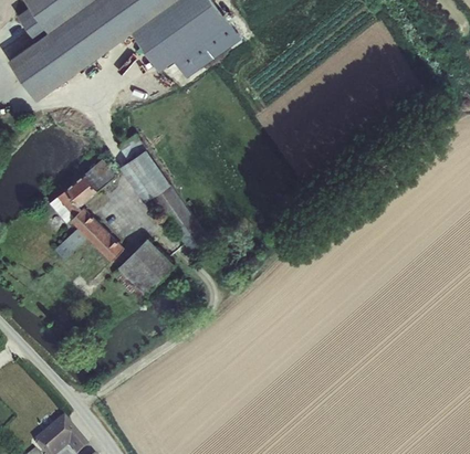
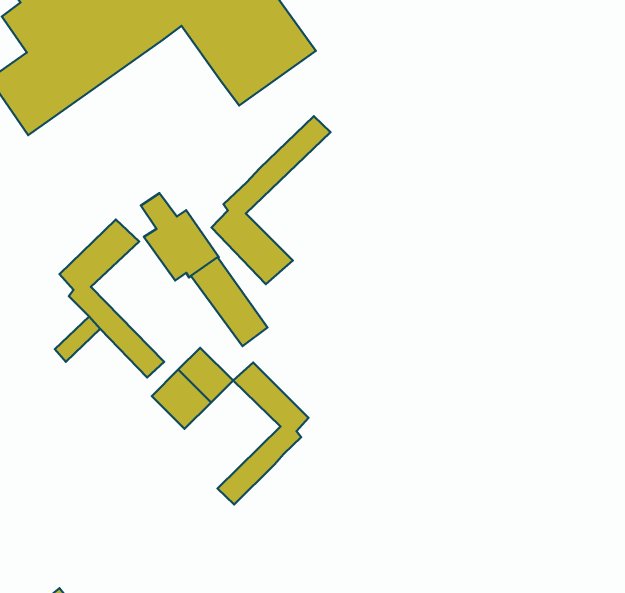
building: [133,21,174,70] -> none
building: none -> [211,116,331,284]
building: none -> [218,363,308,504]

